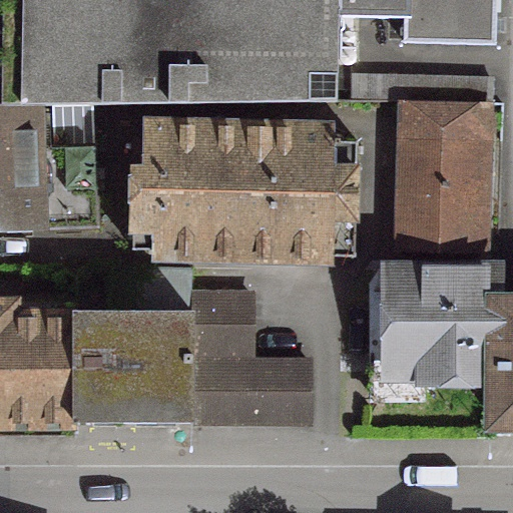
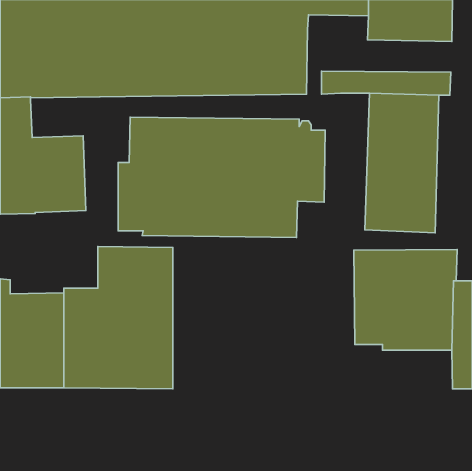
building: [187,296,245,355] -> none
building: [187,362,305,422] -> none

